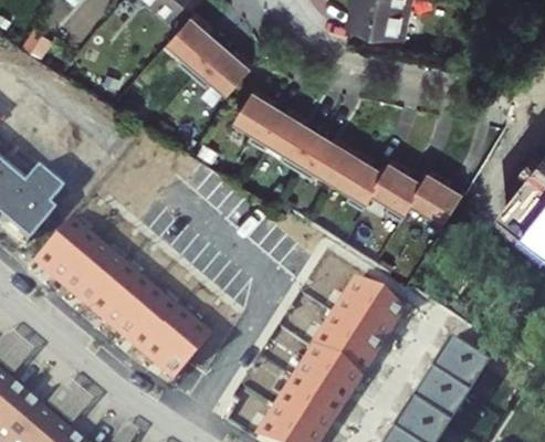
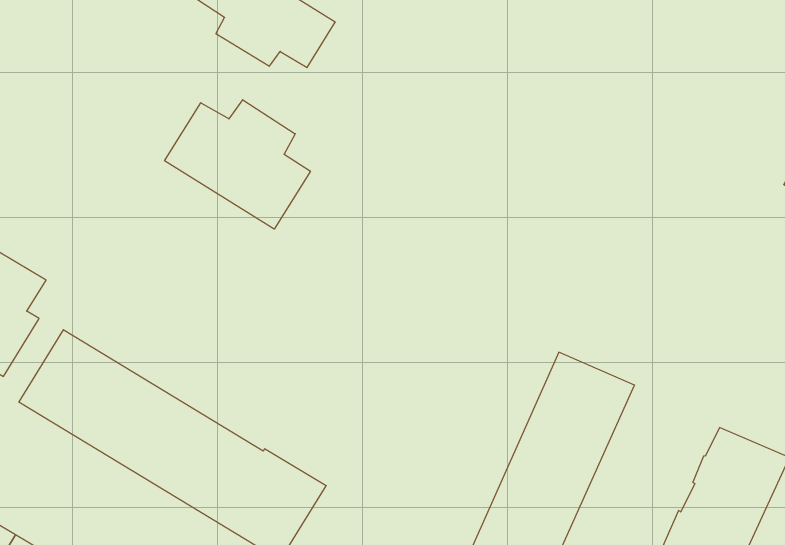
building: [239,90,465,232] -> none
building: none -> [165,100,310,229]

